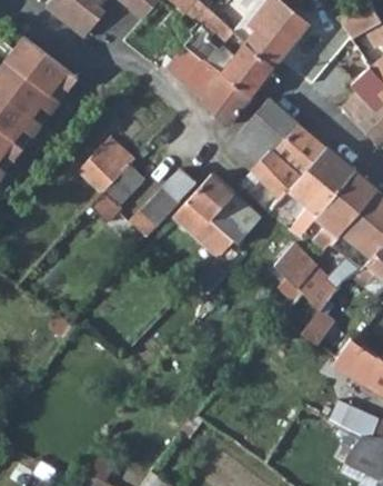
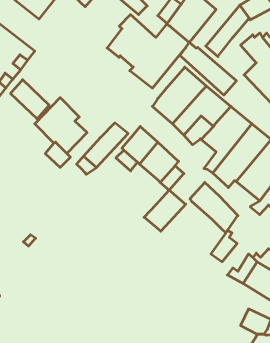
building: none -> [180,42,236,95]
building: none -> [11,80,49,119]
building: none -> [144,190,186,231]

